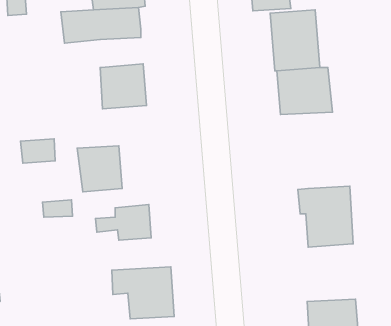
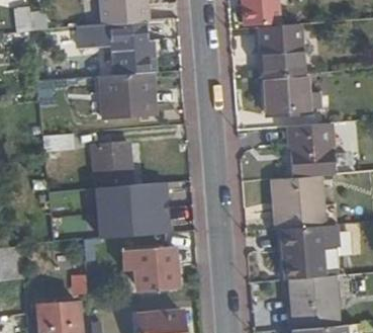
building: none -> [112,47,157,73]
building: none -> [290,122,336,179]
building: none -> [288,228,336,279]

